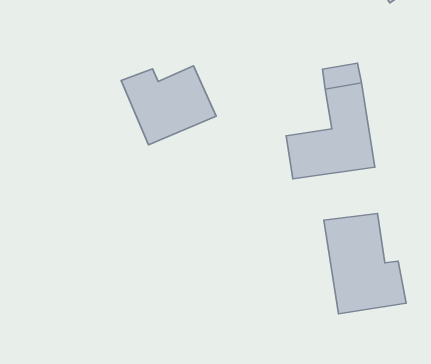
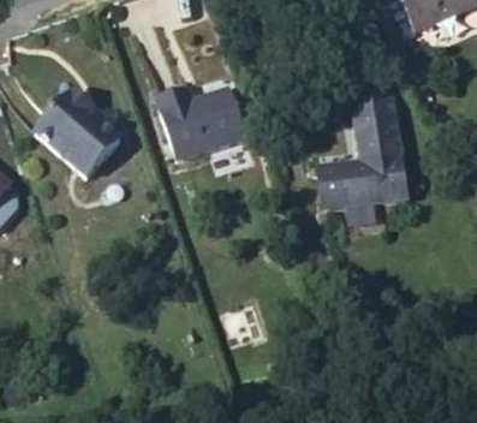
building: none -> [32,84,121,177]
building: [324,213,406,314] -> none

